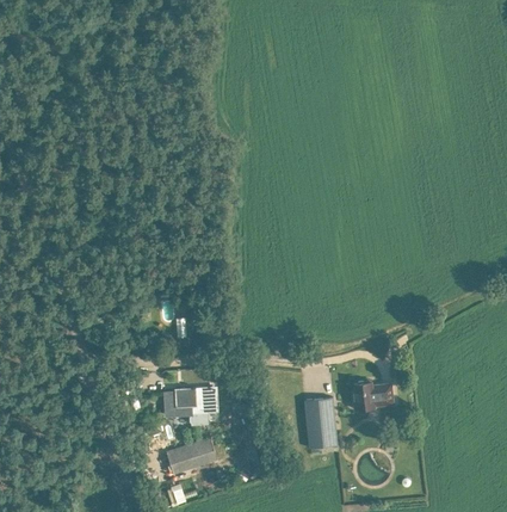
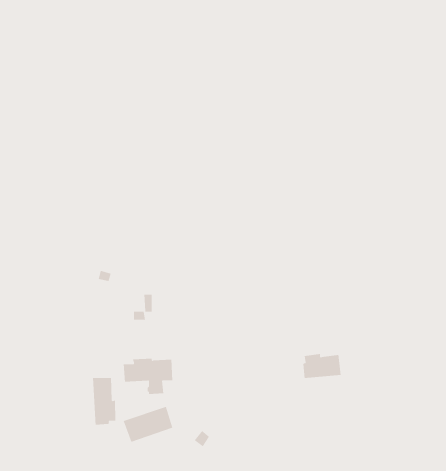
building: [303,397,336,448] -> none
building: none -> [92,377,116,425]

